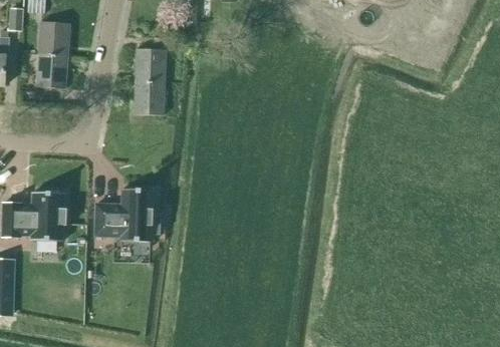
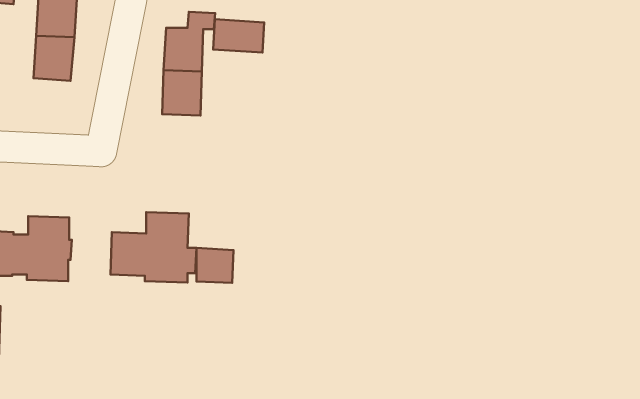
building: none -> [213,19,264,53]
building: none -> [196,248,234,283]

